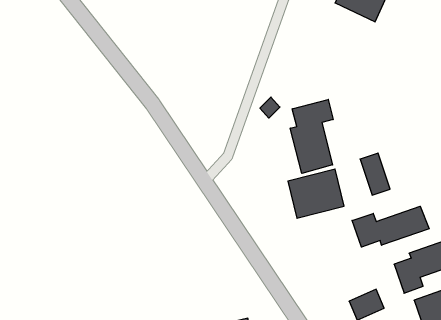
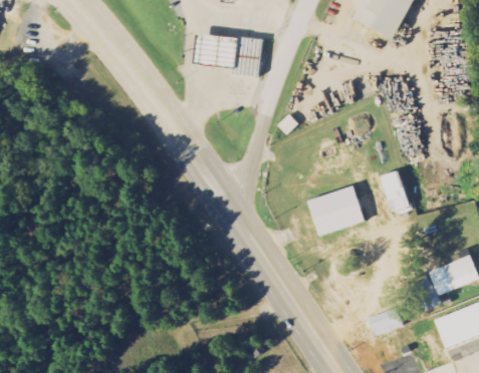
building: none -> [192,32,263,76]
building: [290,99,333,173] -> none
building: [352,206,429,247] -> none

